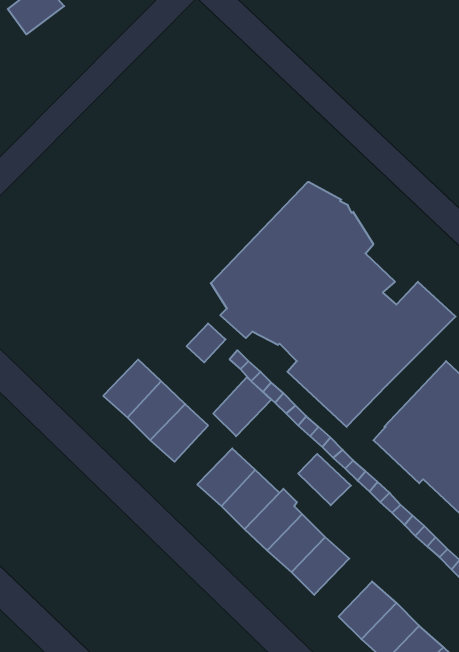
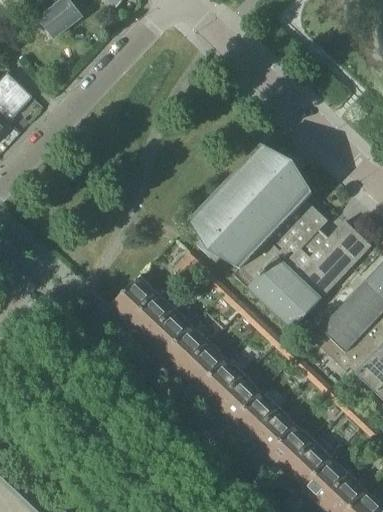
building: [213,377,271,436] -> [163,326,206,370]
building: [298,454,351,505] -> none
building: none -> [267,425,310,468]

